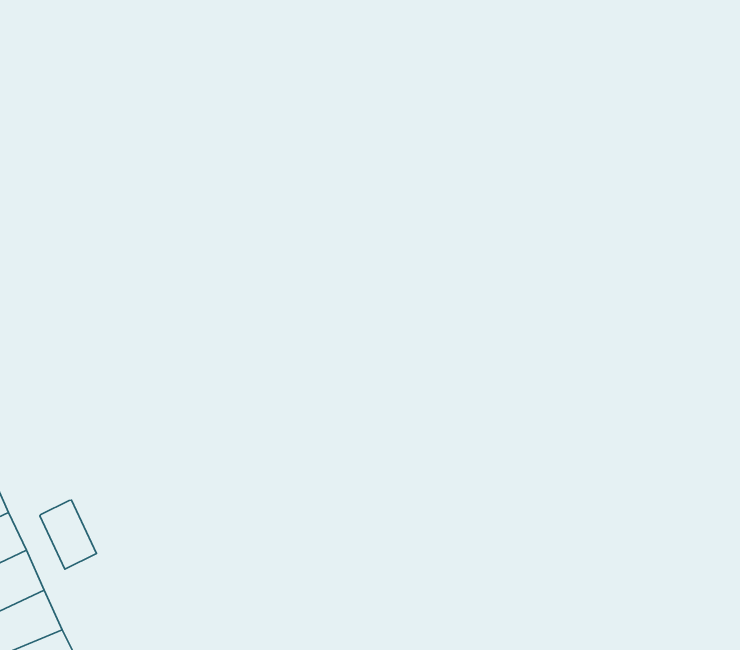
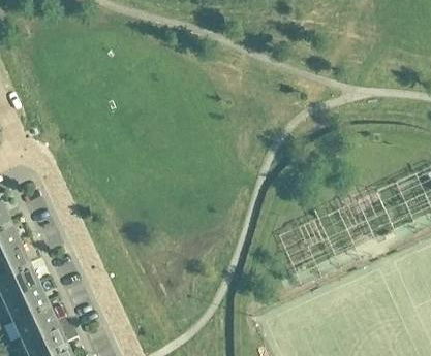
building: [40,500,97,569] -> none

